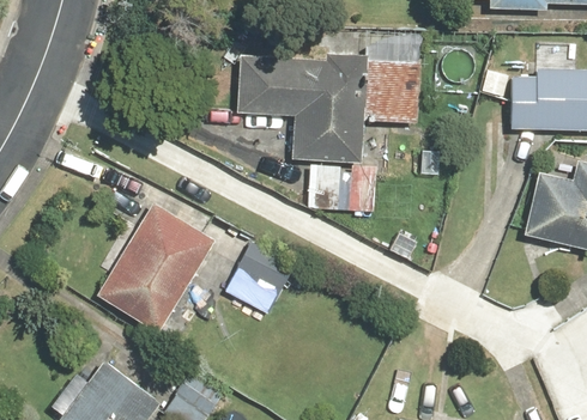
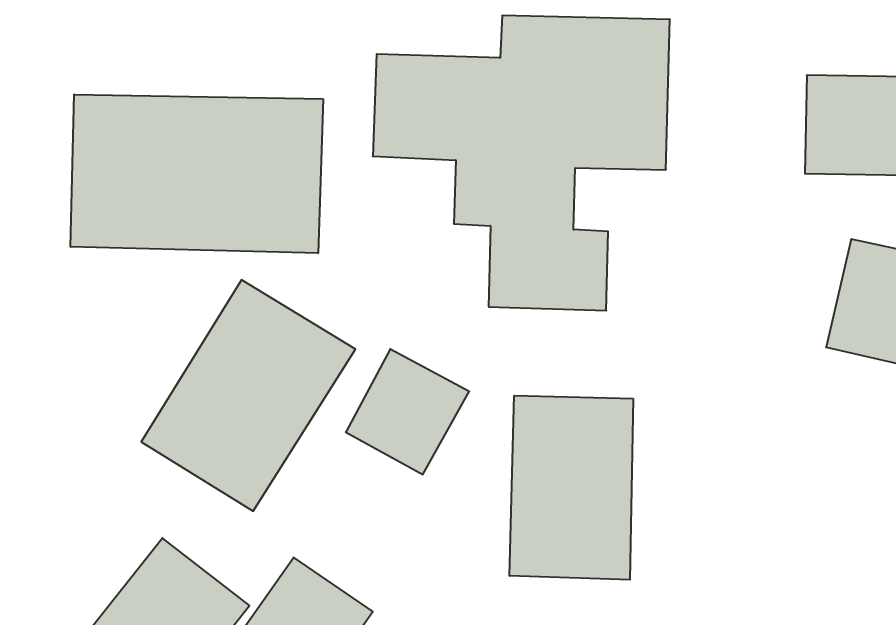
building: none -> [71,94,323,253]
building: none -> [510,396,633,580]

